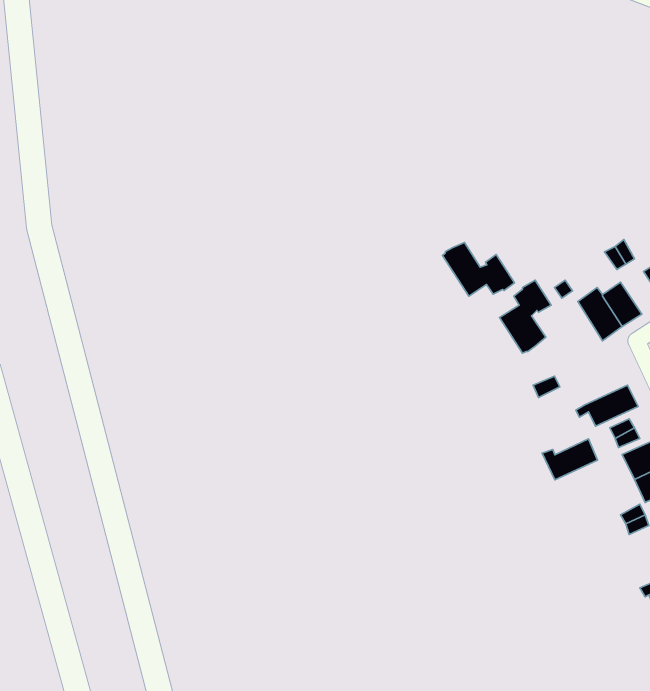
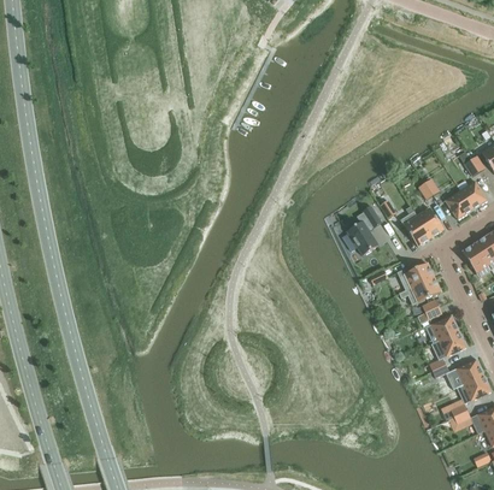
building: [442,242,515,296] -> none
building: [542,439,597,480] -> [396,261,434,289]

